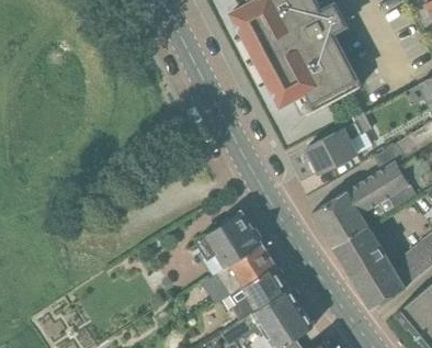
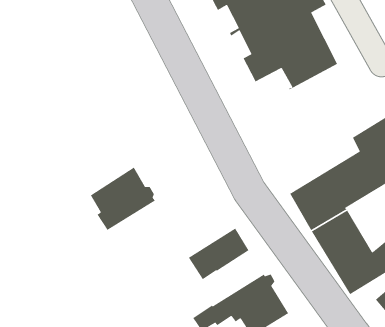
building: [305,112,371,173] -> none
building: [197,211,261,273] -> [90,167,156,232]
building: [231,266,288,318] -> none

